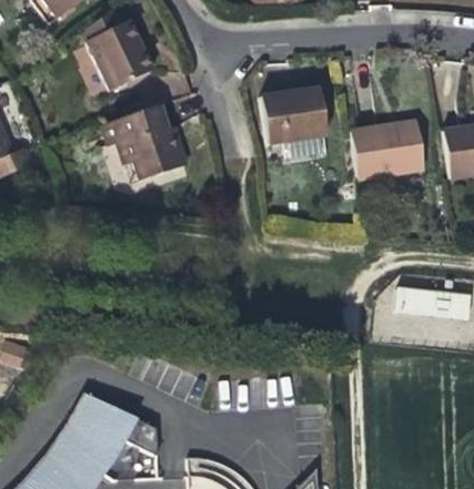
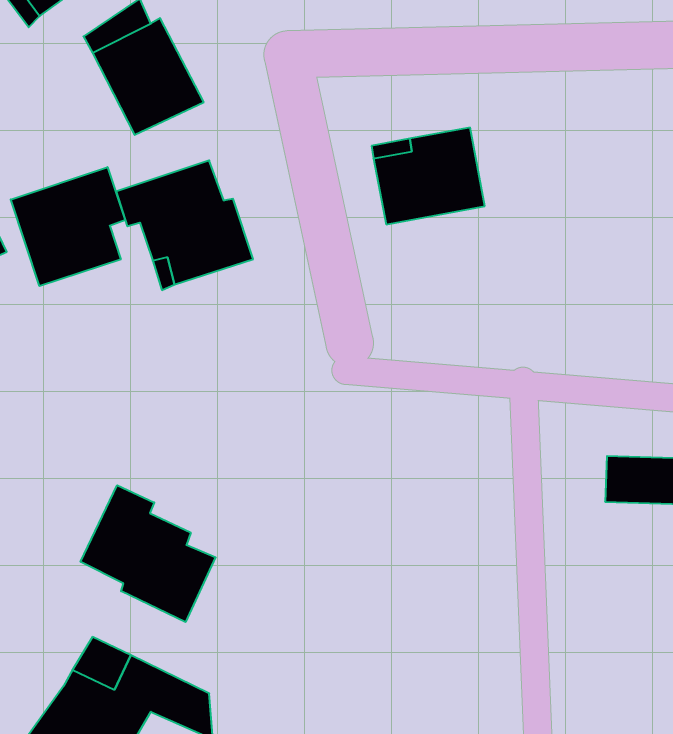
building: none -> [11,167,125,286]
building: [350,120,424,177] -> none
building: none -> [81,485,216,622]

